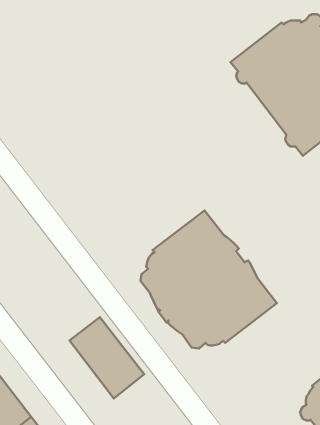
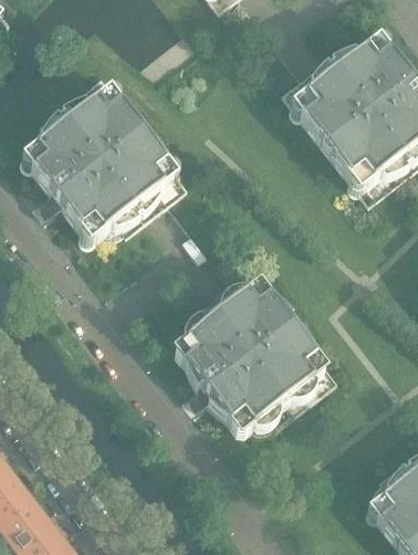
building: none -> [21,76,188,245]
building: [69,317,144,399] -> none

